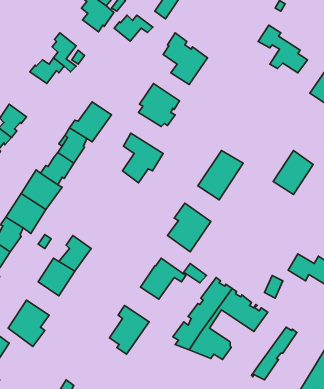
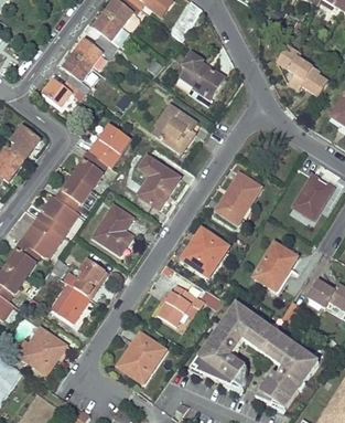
building: [114,15,153,41] -> [74,40,114,66]
building: none -> [93,205,132,254]
building: none -> [254,243,297,290]
building: none -> [255,339,306,404]

